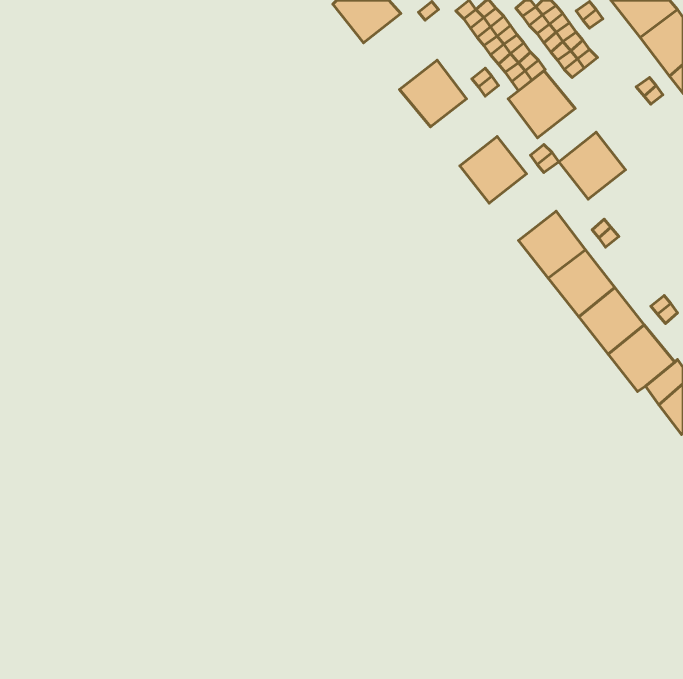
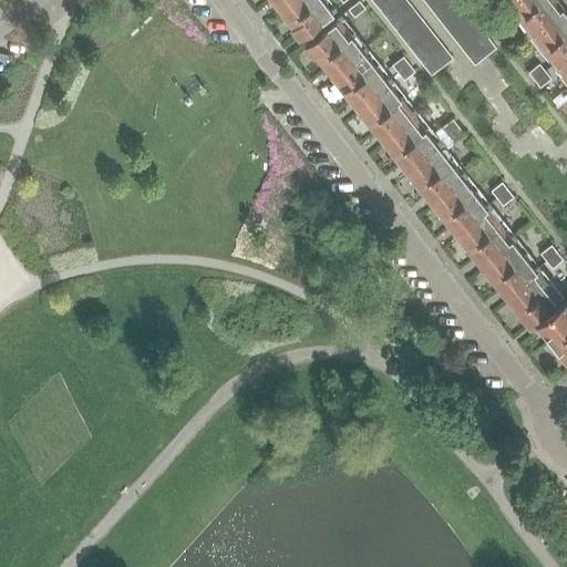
building: none -> [306,21,362,78]
building: [508,71,575,138] -> [357,85,412,141]
building: [559,132,626,199] -> [405,147,461,203]

